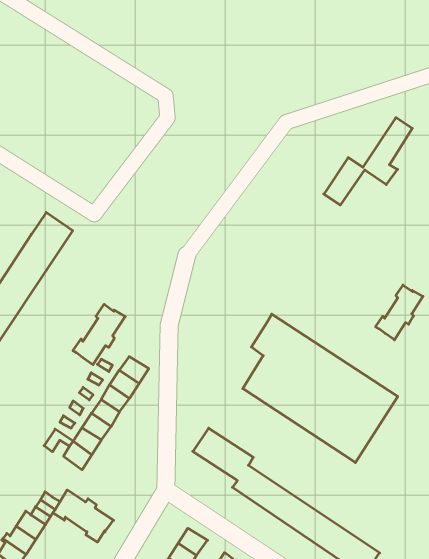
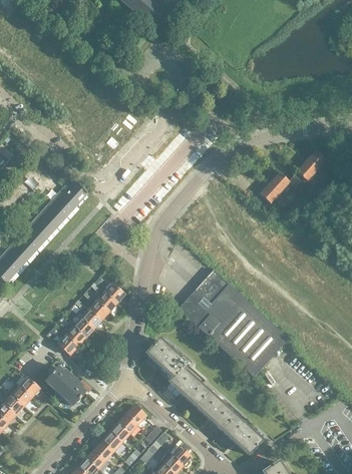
building: [376,285,423,340] -> none
building: [73,304,125,365] -> none

